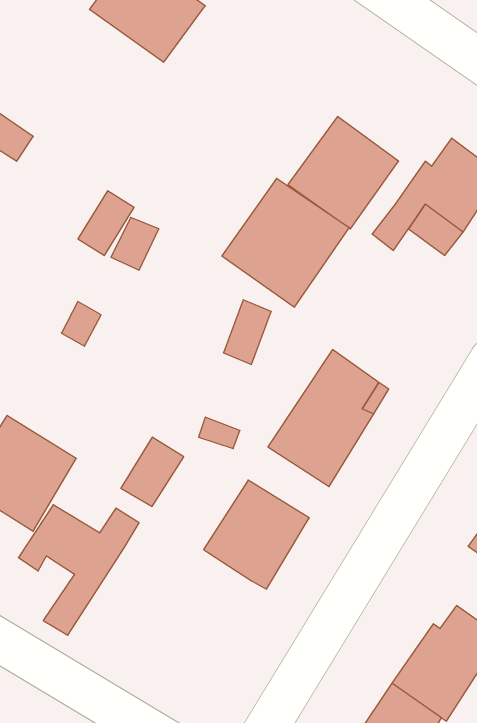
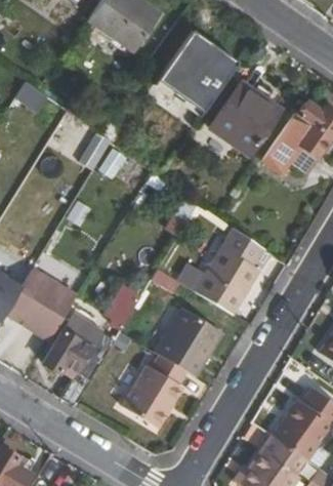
building: [222,178,349,307] -> [163,32,242,112]
building: none -> [122,355,185,428]

